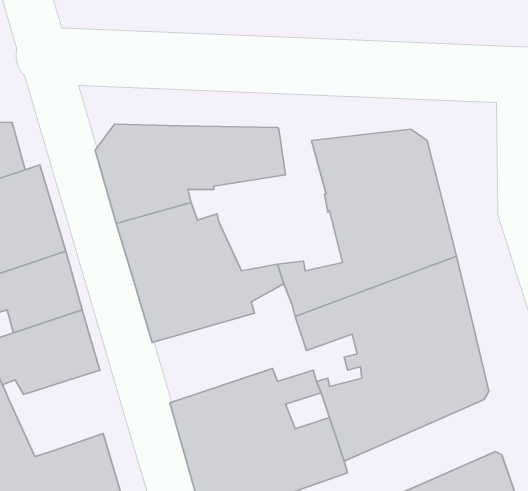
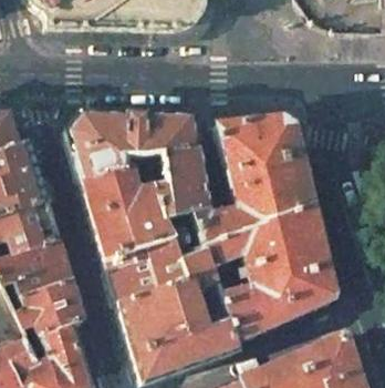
building: none -> [149,145,210,211]
building: none -> [107,219,217,300]
building: none -> [10,278,85,334]

